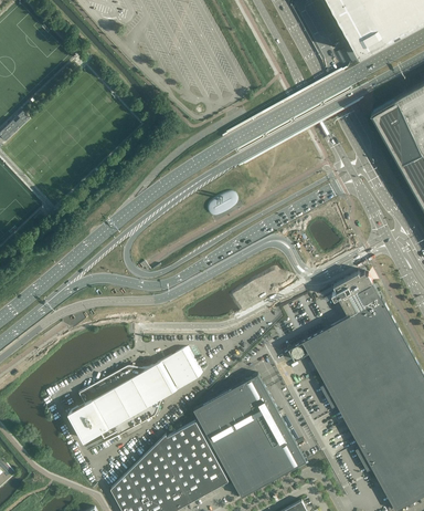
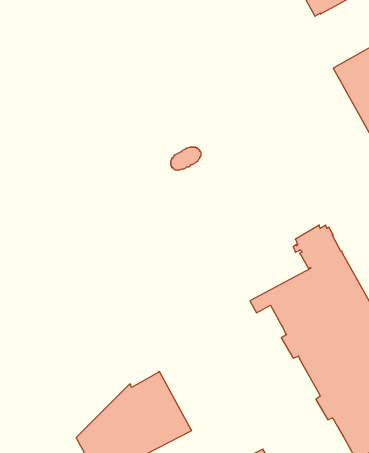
building: [71,350,202,444] -> none
building: [193,376,305,499] -> none

